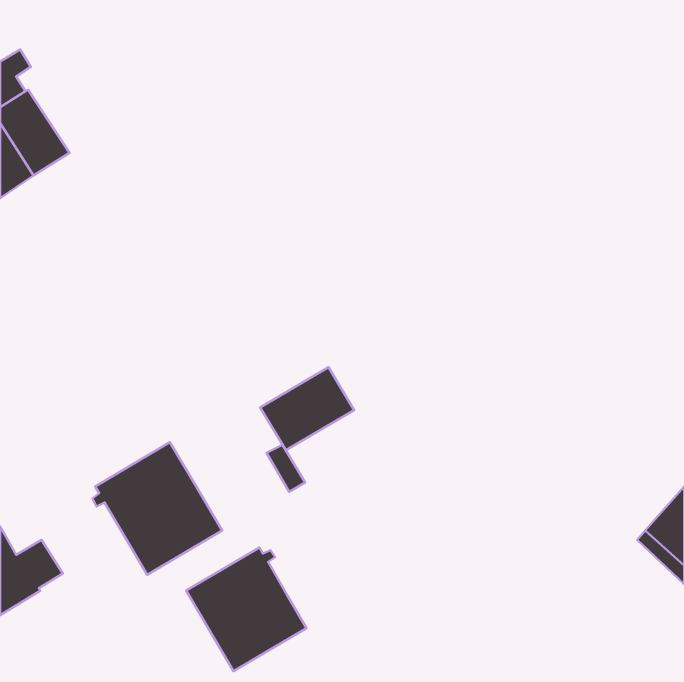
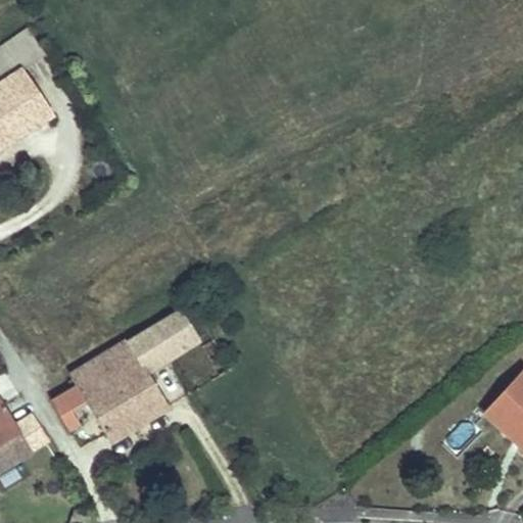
building: [260,367,354,450] -> [130,308,201,372]
building: none -> [52,385,96,429]
building: [186,547,307,671] -> none

